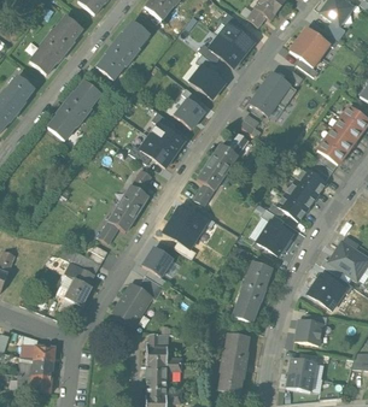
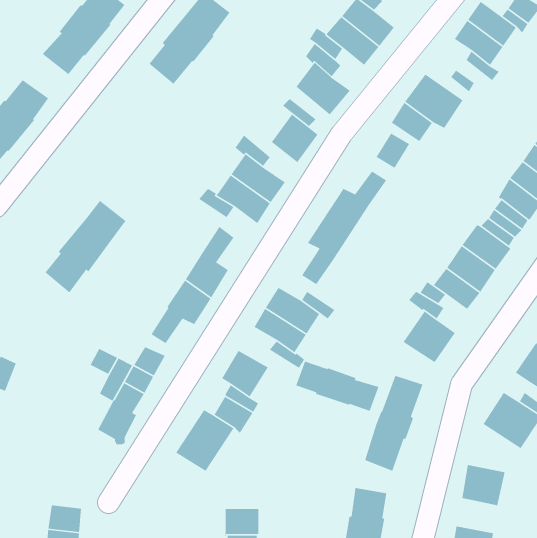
building: [48,81,100,140] -> [45,200,127,293]
building: none -> [295,360,380,412]

